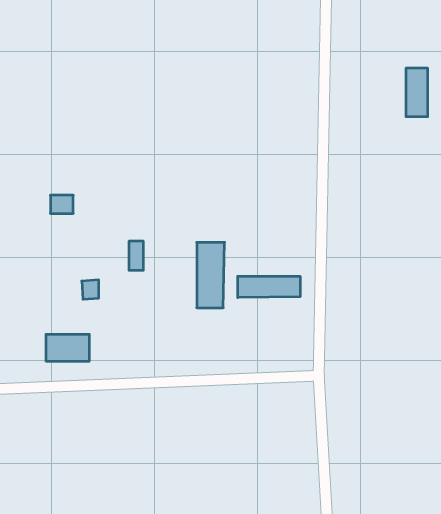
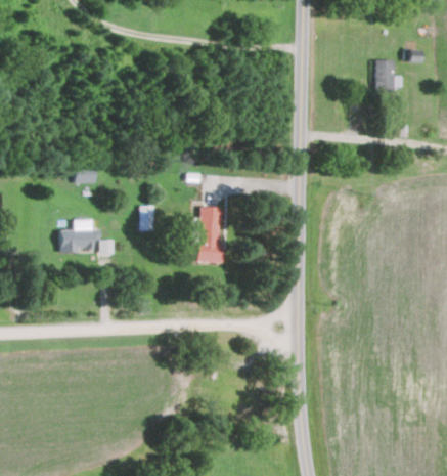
building: [238,276,300,298] -> none
building: [46,334,89,361] -> [61,229,98,252]

